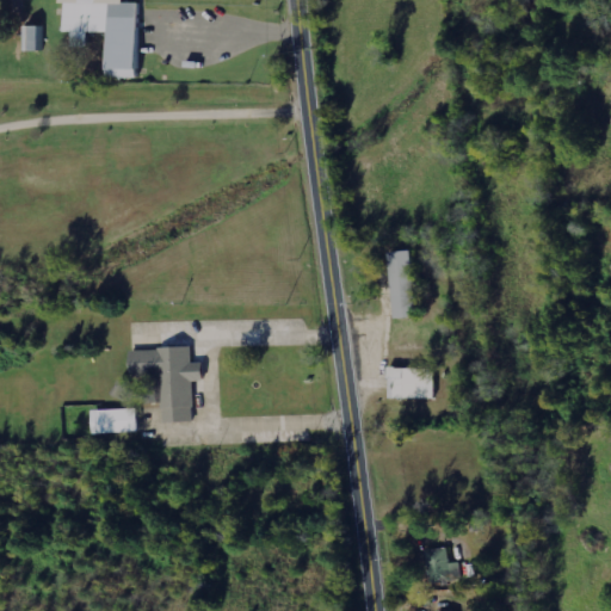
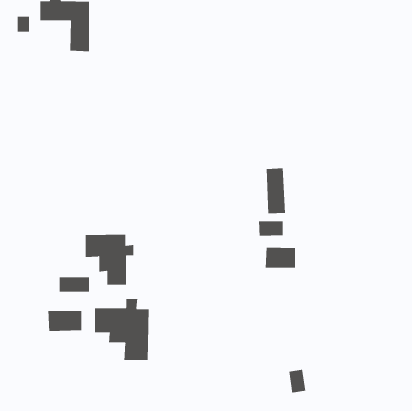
building: none -> [258,220,283,237]
building: none -> [95,298,149,361]
building: none -> [48,310,82,332]

